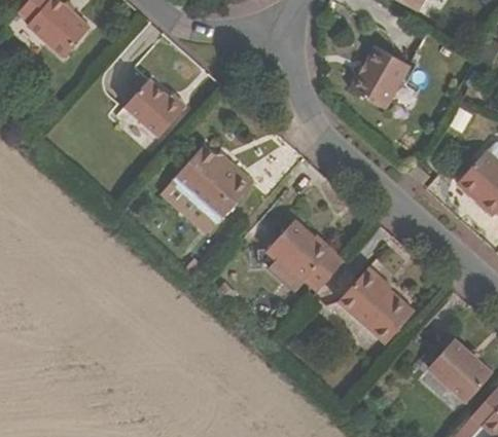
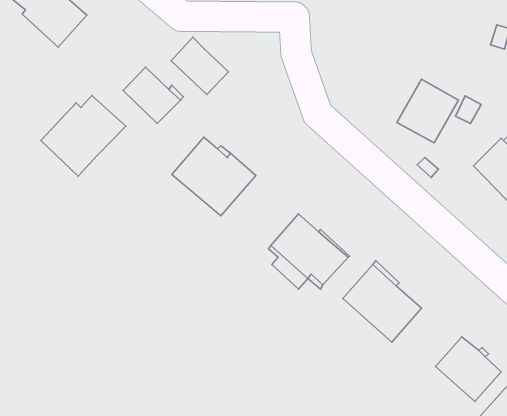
building: [355,45,415,107] -> [397,79,459,143]
building: none -> [171,37,228,94]
building: none -> [41,95,126,176]

